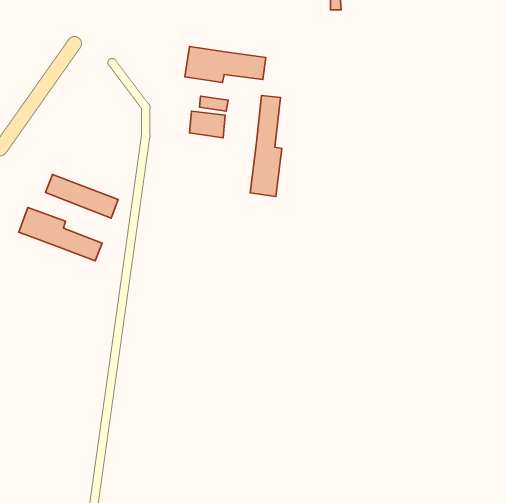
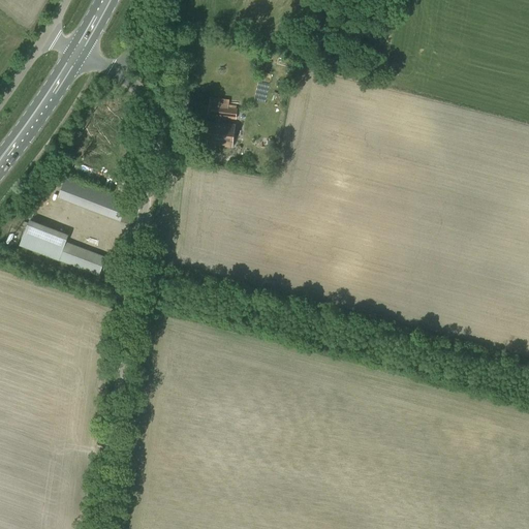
building: [185,47,266,83] -> none
building: [250,96,282,196] -> none

